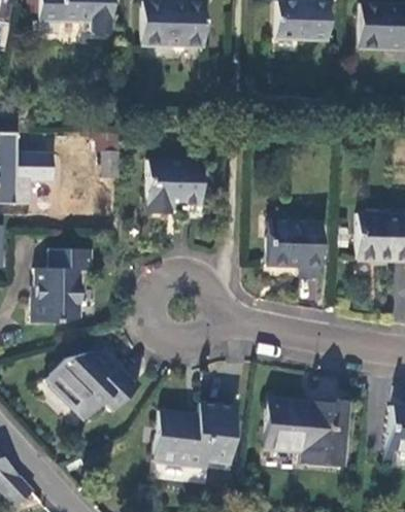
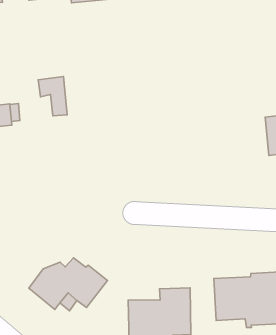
building: [145,162,201,214] -> none
building: [267,221,323,267] -> none
building: [33,251,96,326] -> none

